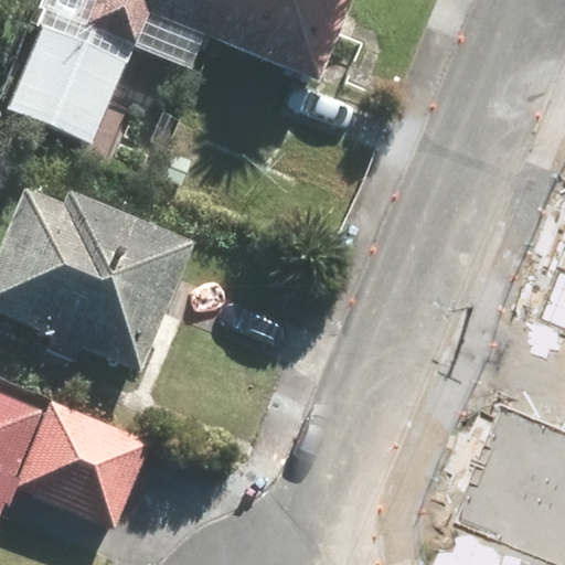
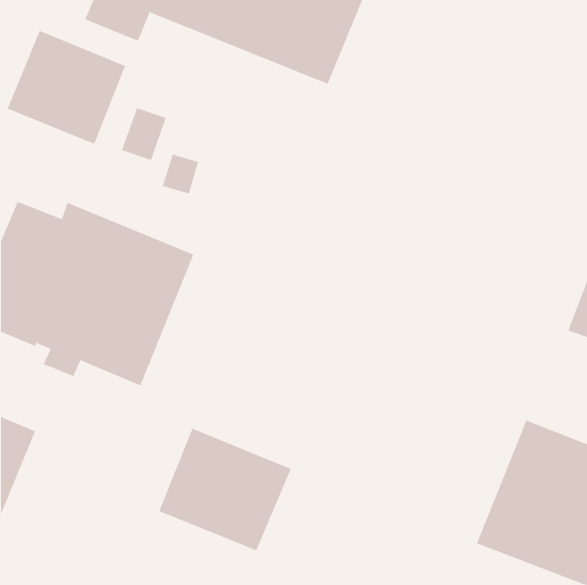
building: [15,401,149,527] -> none
building: none -> [158,428,291,551]

